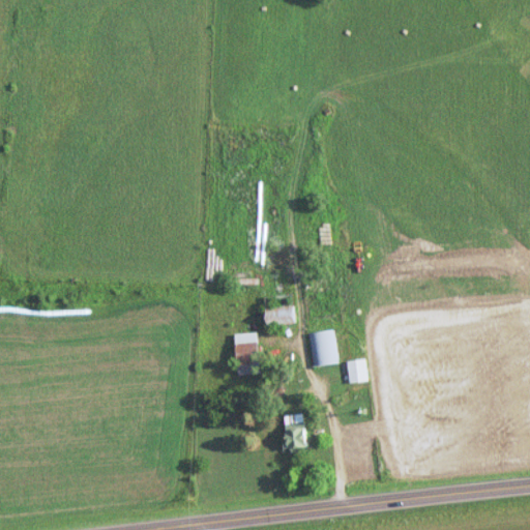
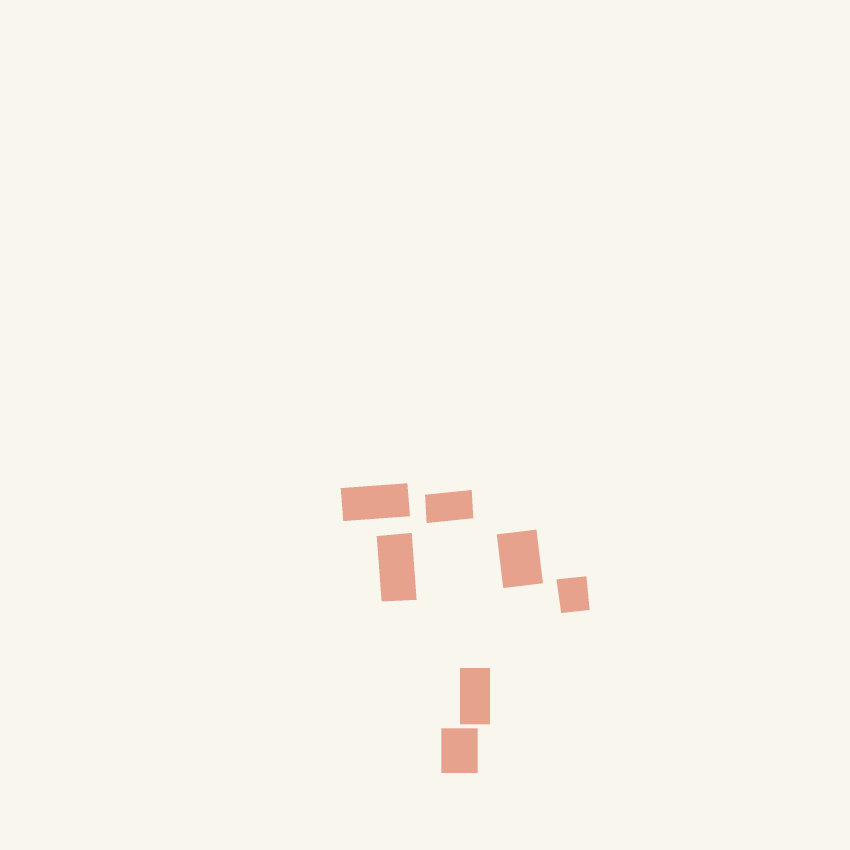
building: none -> [340,482,411,522]
building: none -> [440,728,478,774]

